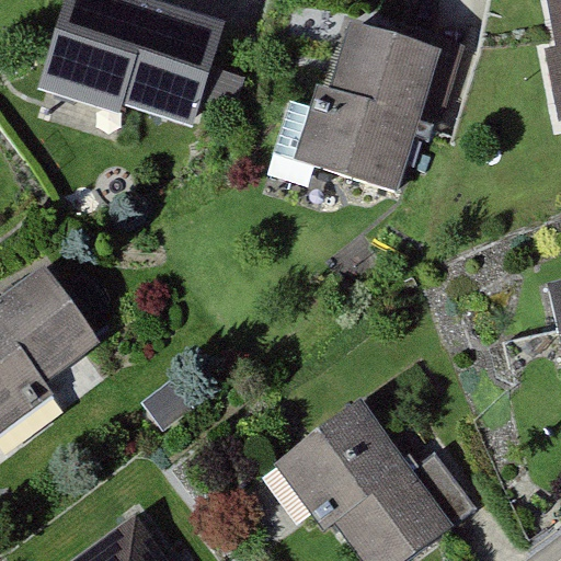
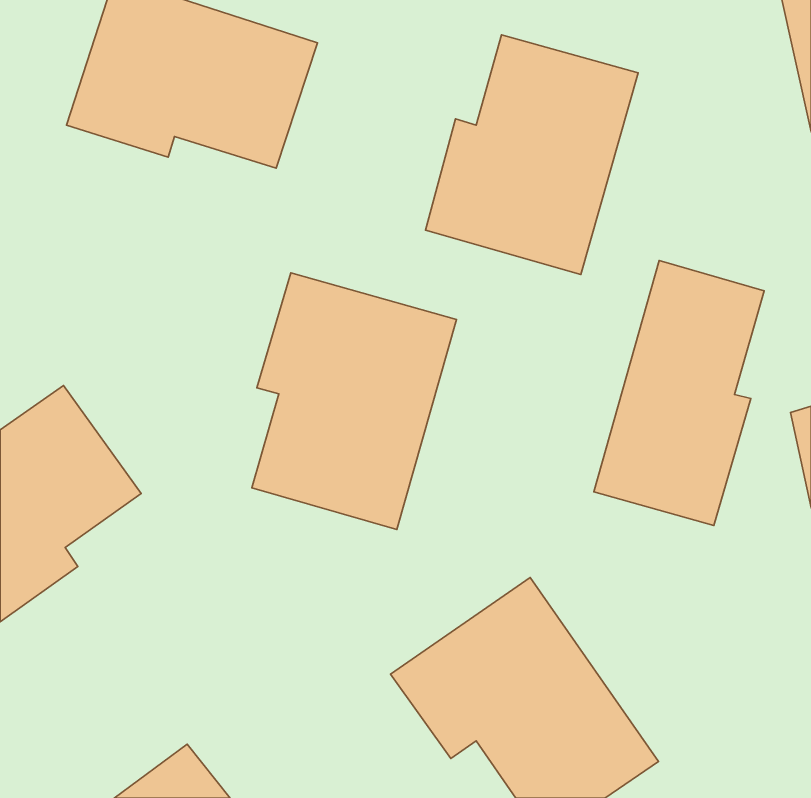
building: none -> [594,260,764,525]
building: none -> [252,273,457,530]

